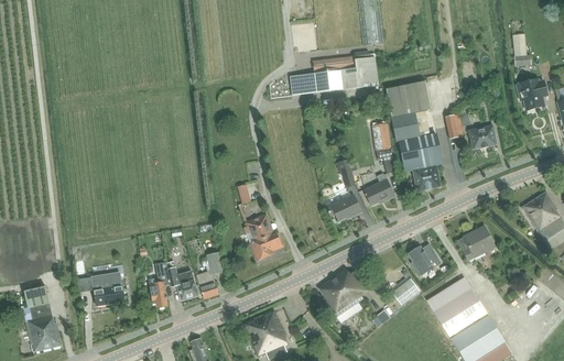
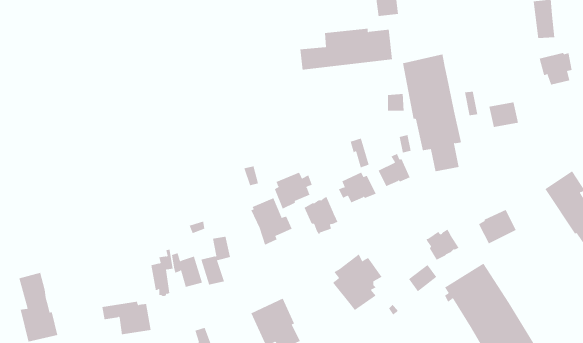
building: none -> [274,172,313,210]
building: none -> [304,196,338,236]
building: [77,273,124,305] -> [101,301,151,335]

